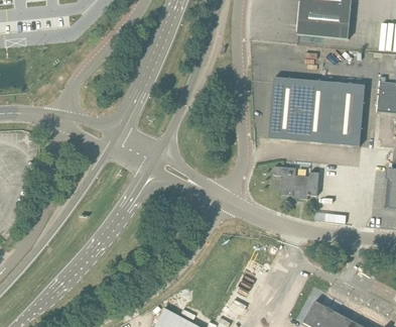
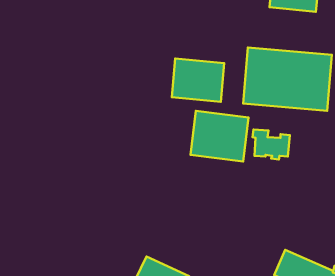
building: none -> [172,59,224,102]
building: none -> [190,111,249,162]

